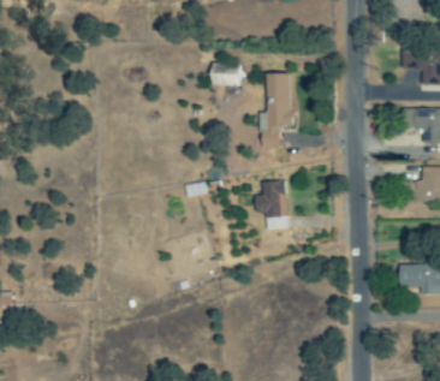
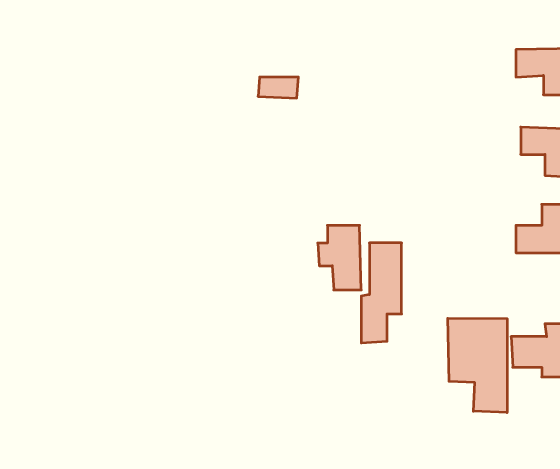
building: [261,73,291,148] -> [361,243,402,343]
building: none -> [448,318,507,413]

